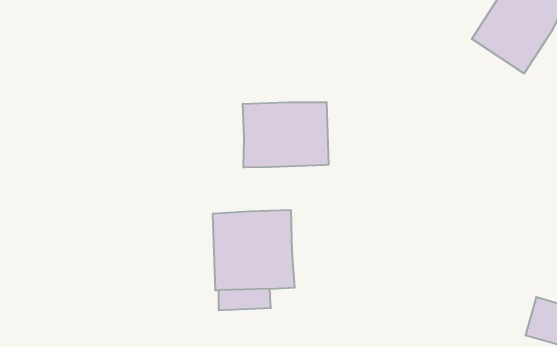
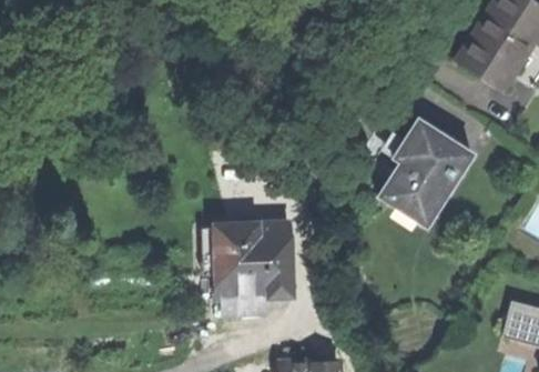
building: [243,102,329,168] -> none
building: none -> [380,121,475,221]

